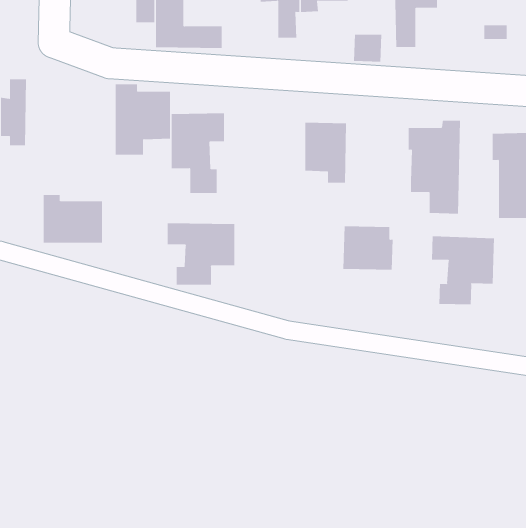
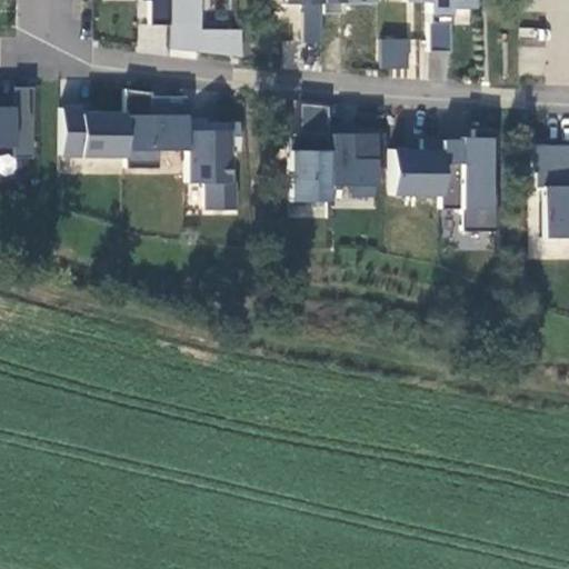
building: none -> [288,106,330,200]
building: [43,195,103,243] -> [62,104,127,157]
building: [167,223,235,286] -> none
building: [343,226,393,270] -> [390,147,445,194]
building: [432,236,494,305] -> none

